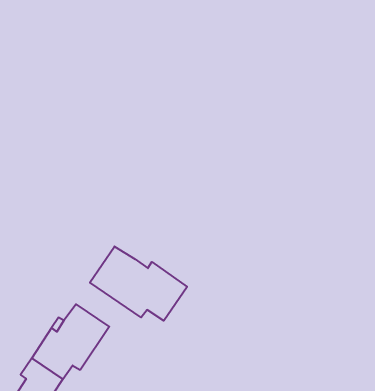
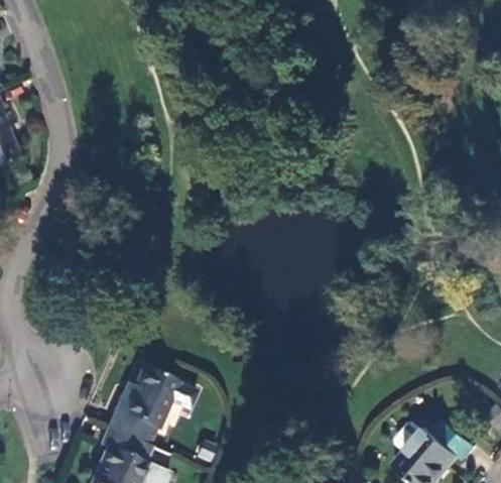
building: [90,246,187,321] -> none

